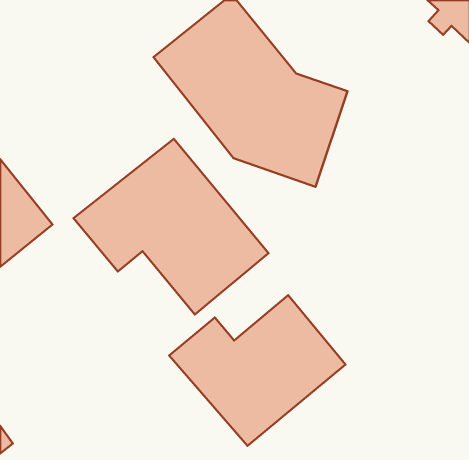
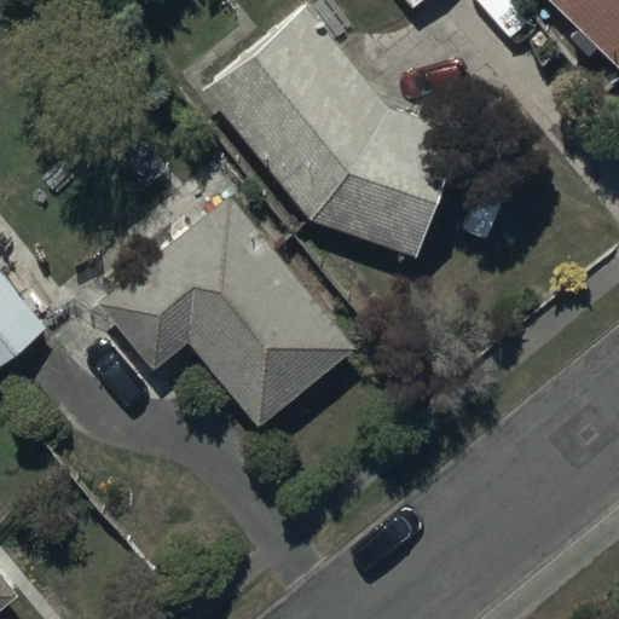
building: [169,295,345,446] -> none

